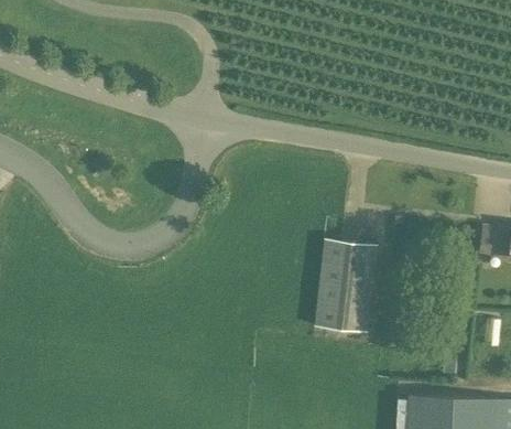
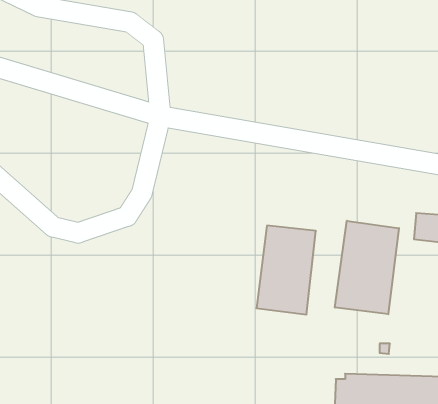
building: none -> [335,221,399,314]

